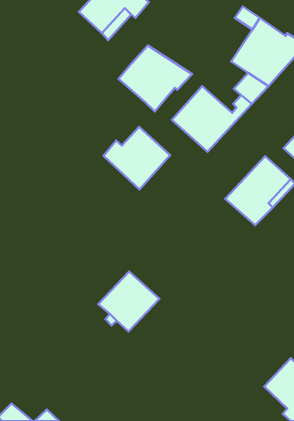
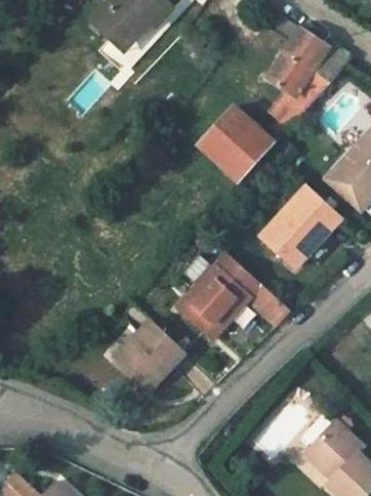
building: [118,45,192,111] -> none
building: [104,127,170,189] -> none
building: none -> [176,252,290,338]

